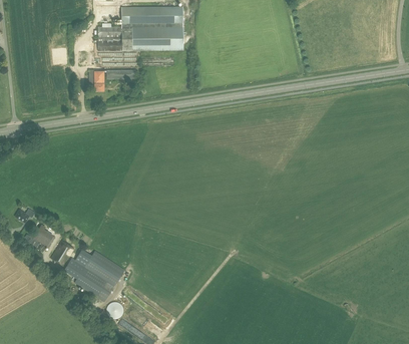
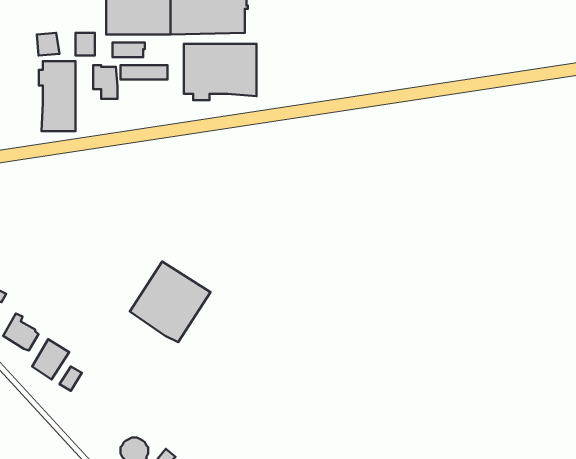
building: none -> [184,44,256,100]
building: none -> [39,61,76,131]
building: [73,251,123,301] -> [130,262,210,342]

